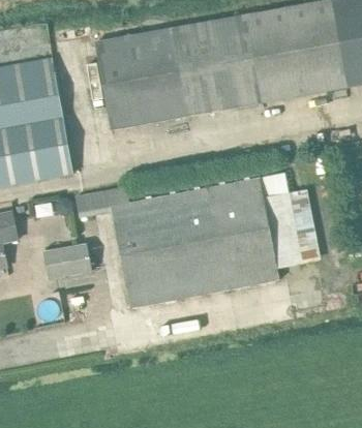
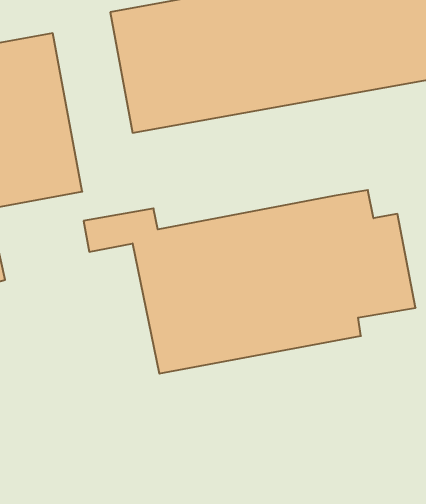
building: [43,244,92,279] -> none

